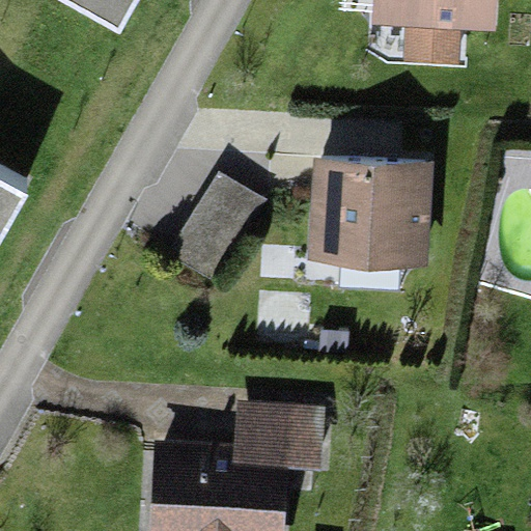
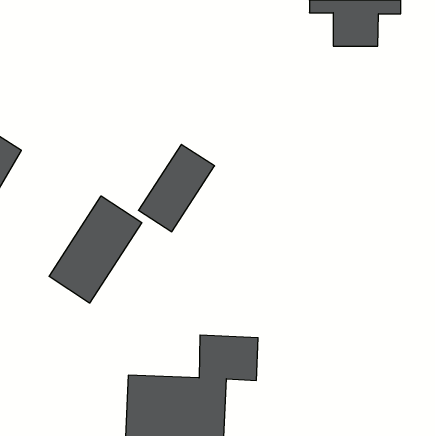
building: [311,151,418,252] -> none
building: none -> [49,196,142,303]

